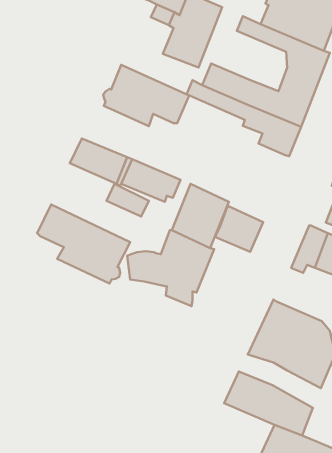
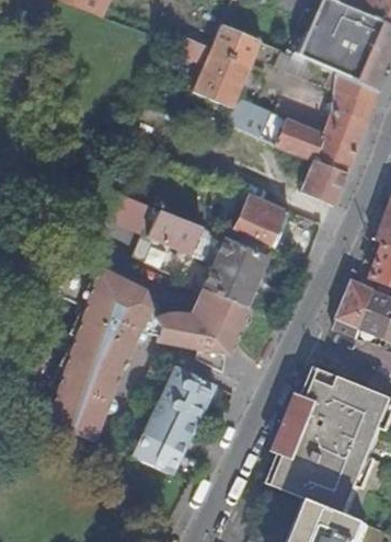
building: [103,65,189,126] -> none
building: [215,206,263,252] -> [237,195,290,245]
building: none -> [43,319,136,440]
building: none -> [133,366,215,473]
building: none -> [279,425,370,484]

